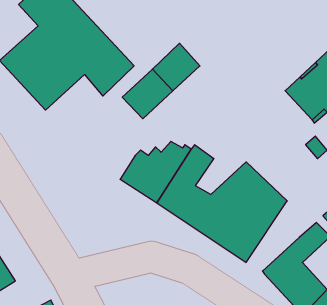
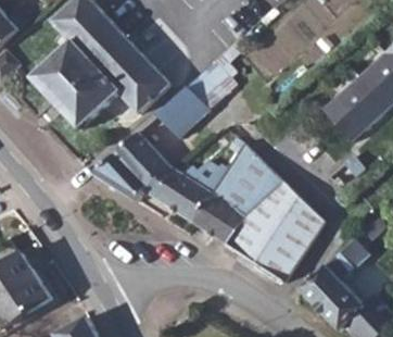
building: none -> [93,130,176,200]
building: none -> [230,141,282,212]

